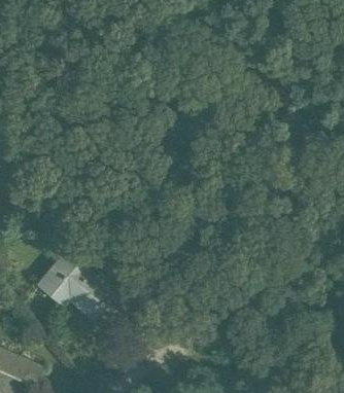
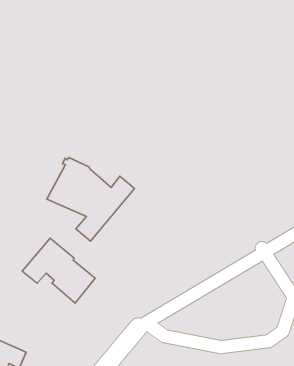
building: none -> [47,157,134,241]

